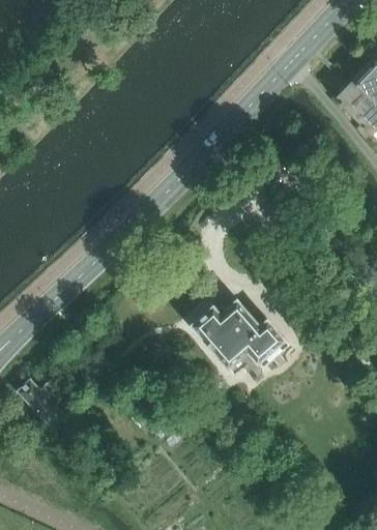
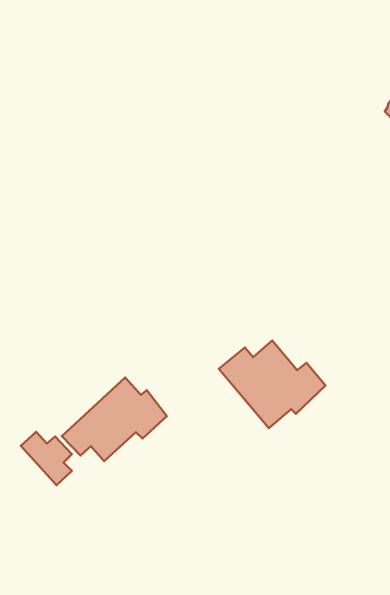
building: none -> [62,378,167,461]

